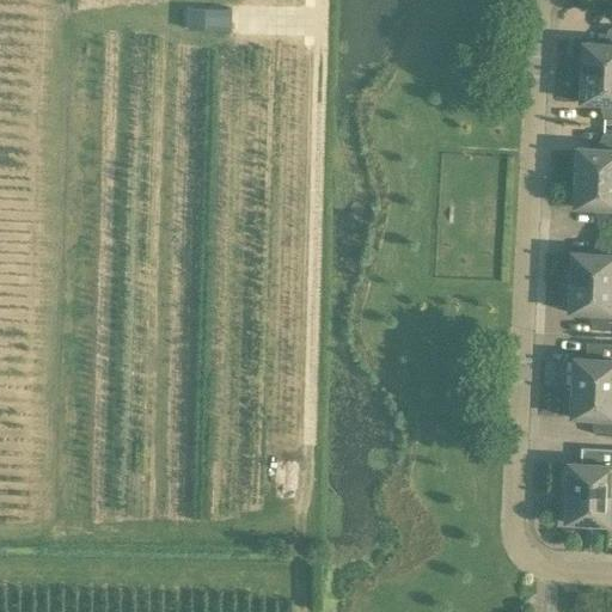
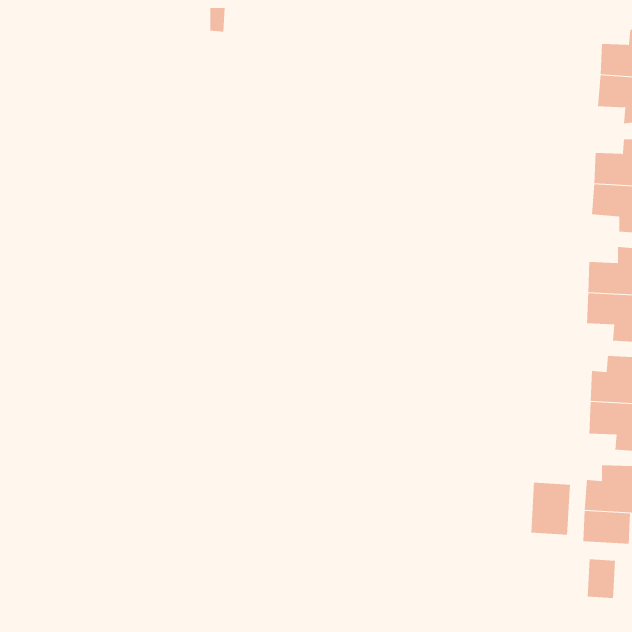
building: none -> [531,482,570,536]
building: none -> [587,559,615,599]

